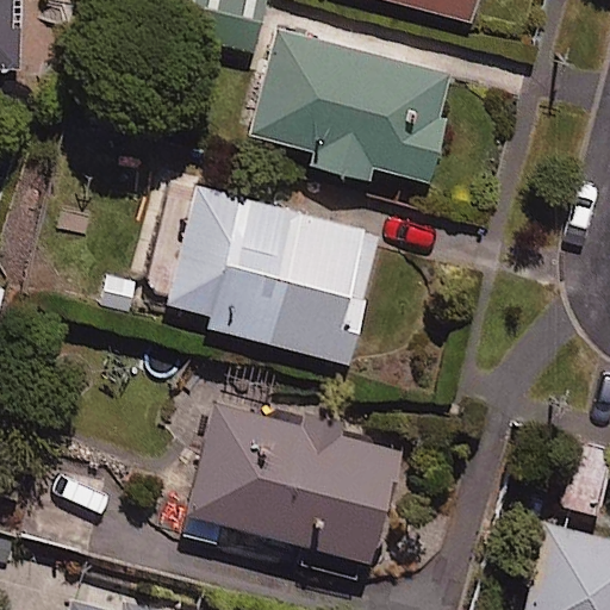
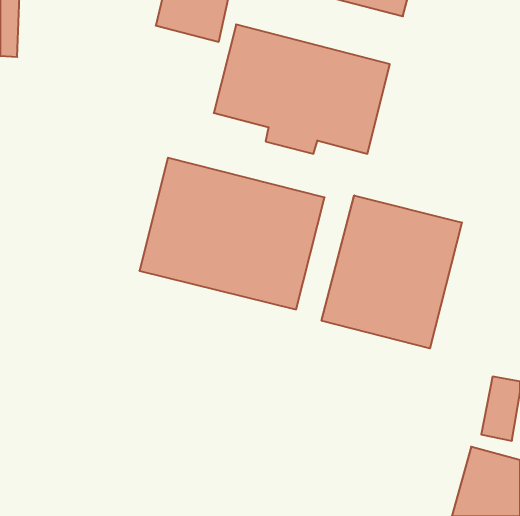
building: none -> [322,195,462,348]
building: [183,373,402,571] -> none

